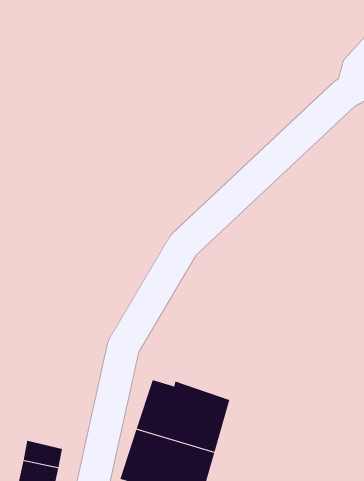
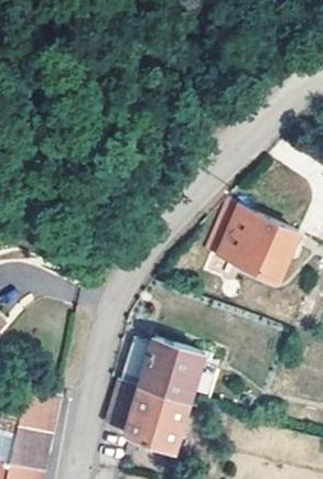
building: none -> [208,206,301,284]

